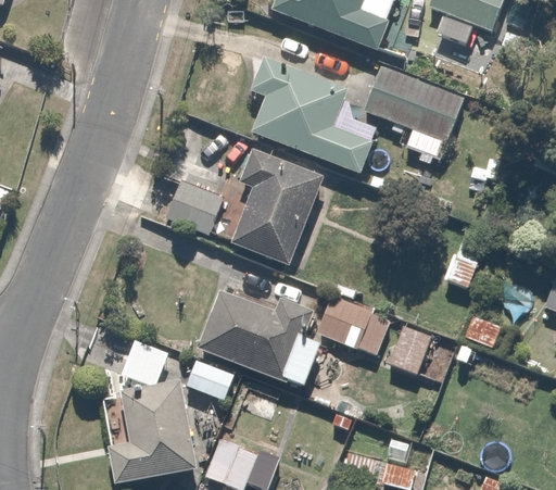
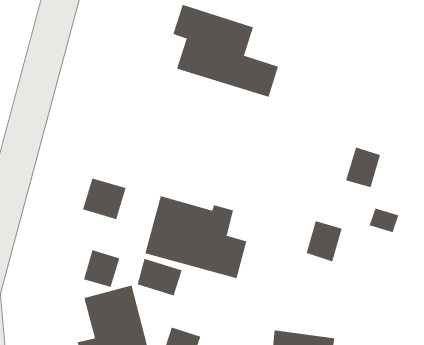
building: [362,65,463,143] -> none
building: [230,148,325,265] -> none
building: [164,181,218,234] -> [82,178,126,220]
building: [313,297,388,357] -> none

